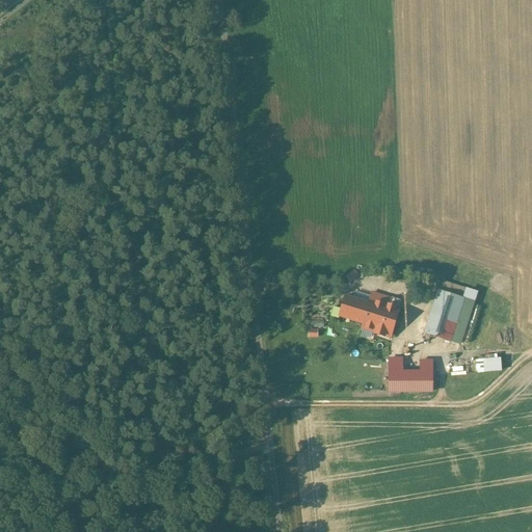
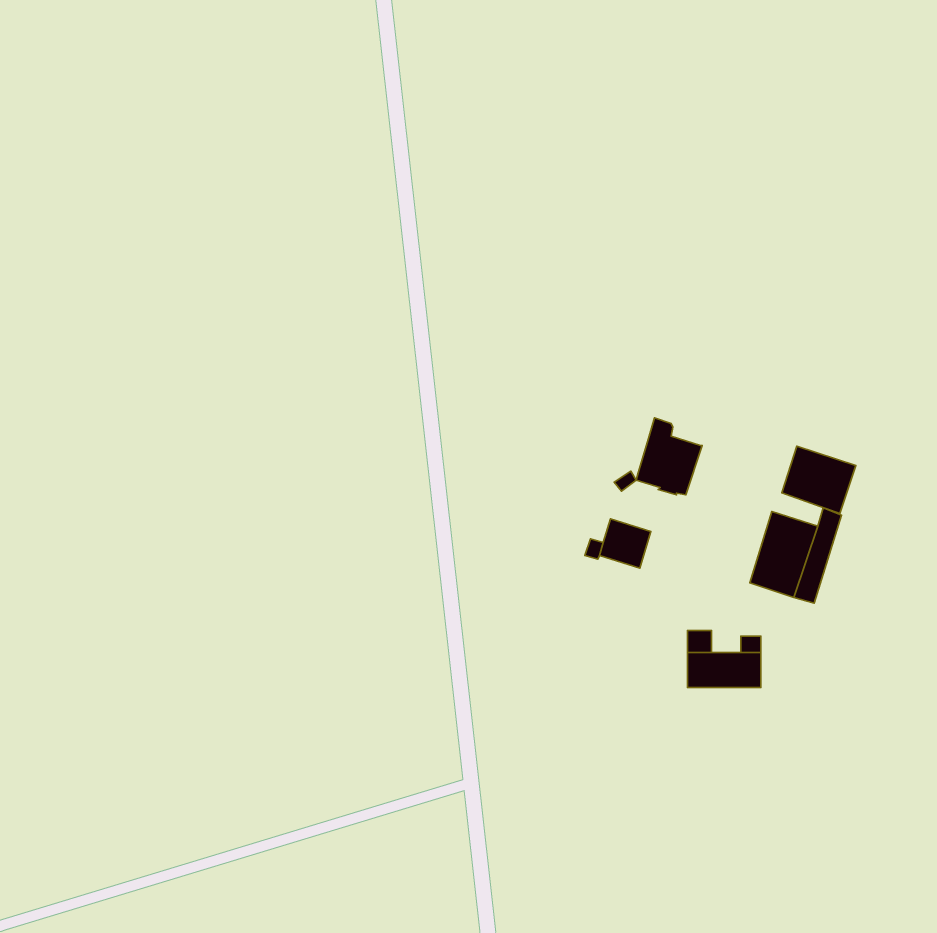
building: none -> [782,446,856,514]
building: [362,291,399,335] -> [636,418,702,495]

